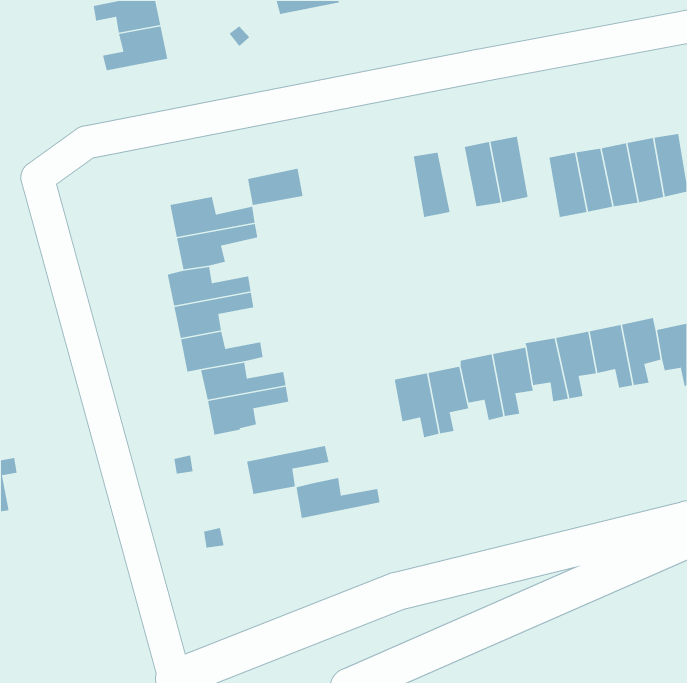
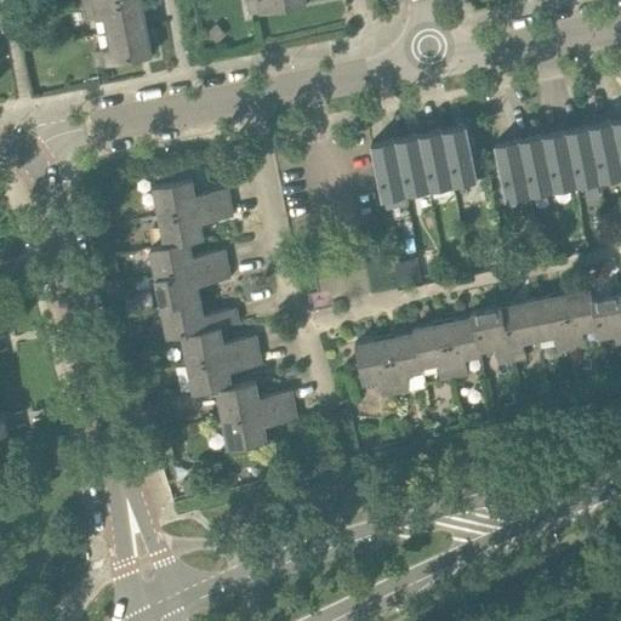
building: none -> [395,136,429,195]
building: [247,168,304,206] -> none
building: [296,477,380,519] -> [217,382,294,420]

